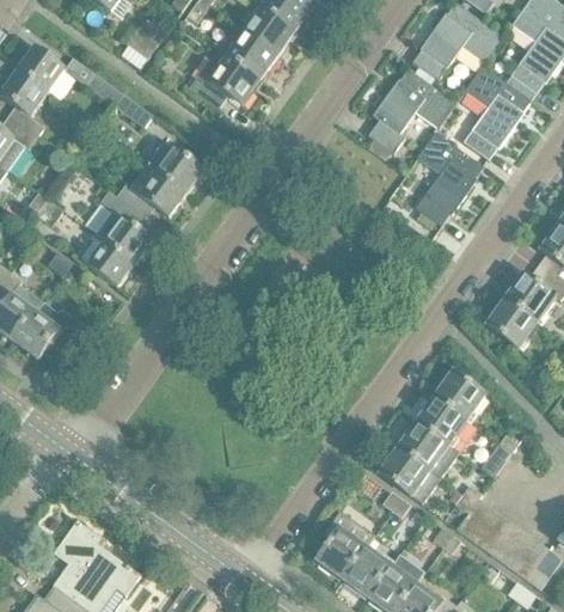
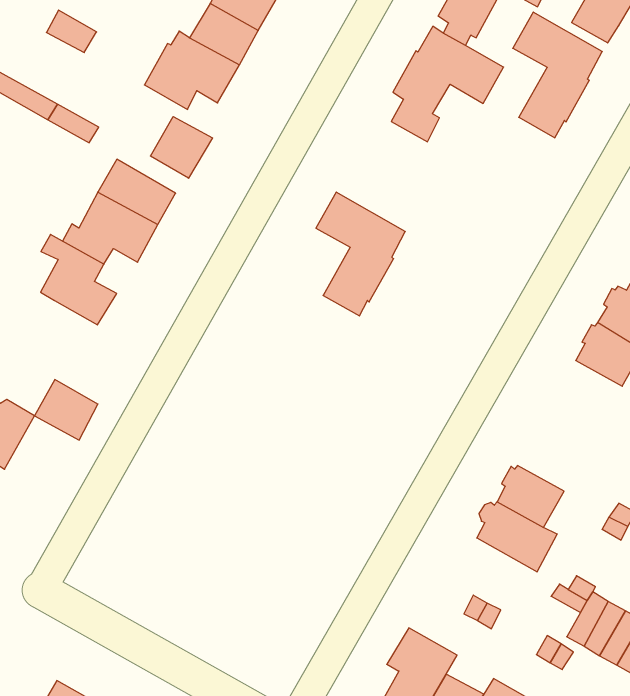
building: none -> [150,117,213,178]
building: [416,131,482,225] -> [316,192,405,316]
building: [87,239,135,286] -> [34,380,98,440]
building: [434,372,484,421] -> none
building: [379,448,440,503] -> none

